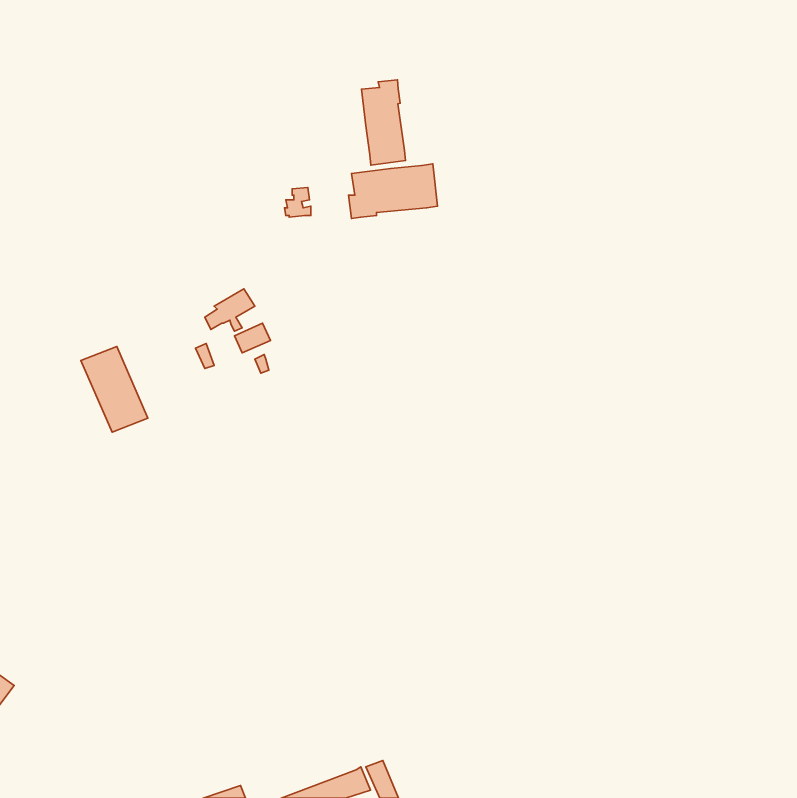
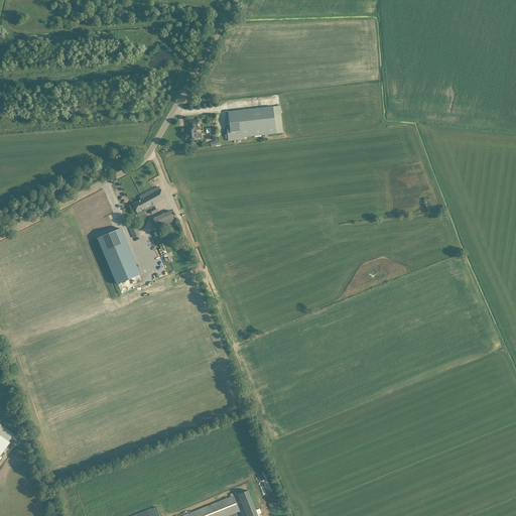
building: [362,80,406,165] -> none
building: [81,346,148,432] -> [96,229,139,284]

